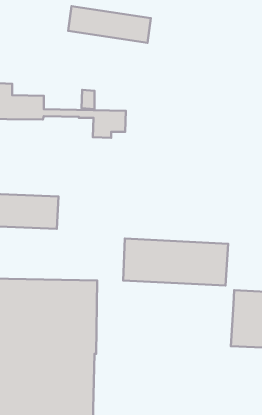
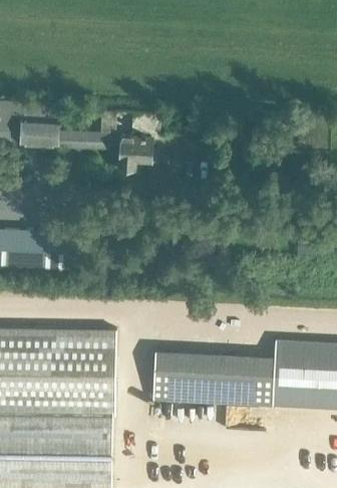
building: [68,6,151,43] -> none
building: [123,238,228,286] -> [152,351,273,406]

